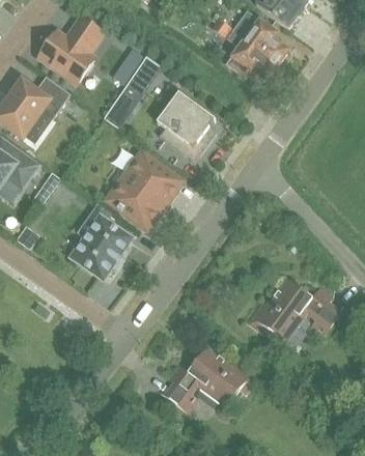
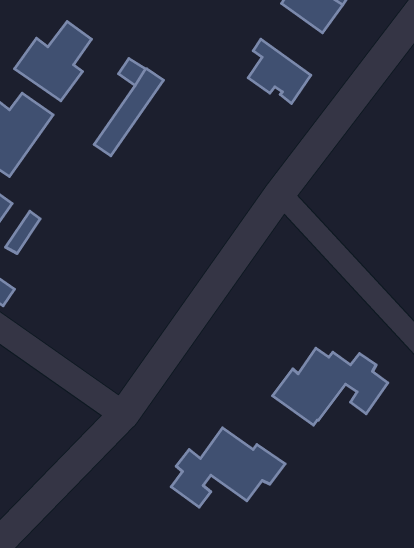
building: [234,11,290,61] -> none
building: [157,91,217,153] -> none
building: [109,153,180,227] -> none
building: [72,204,131,278] -> none

